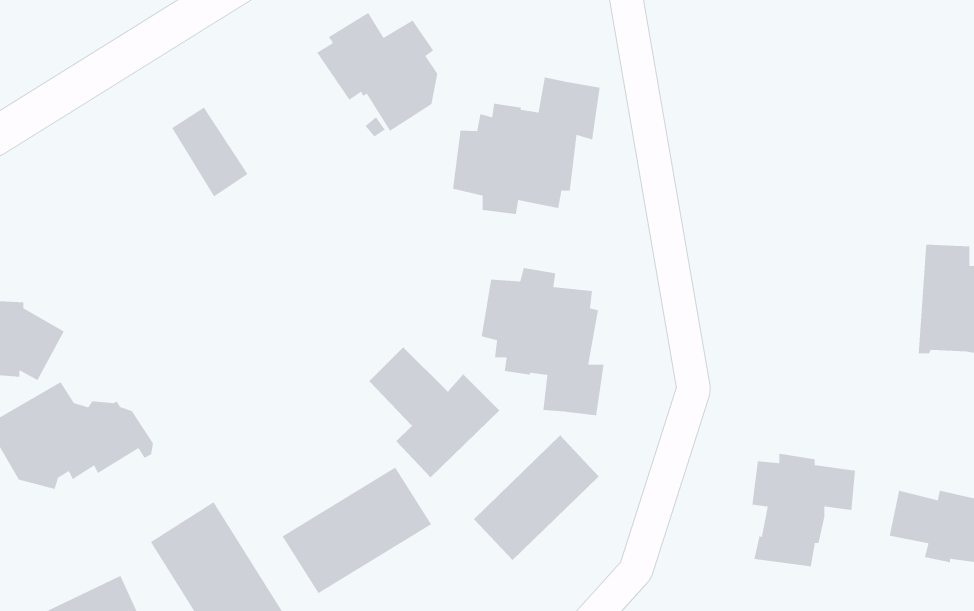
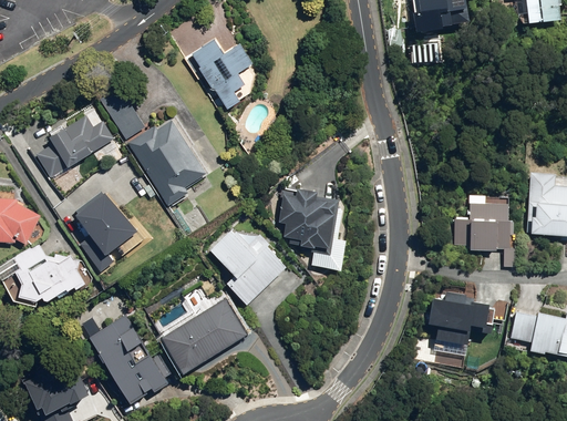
building: [452,77,601,215] -> none
building: none -> [34,119,112,181]
building: none -> [126,122,204,207]
building: none -> [73,194,135,275]
building: none -> [453,198,515,267]
building: [473,435,599,561] -> none

